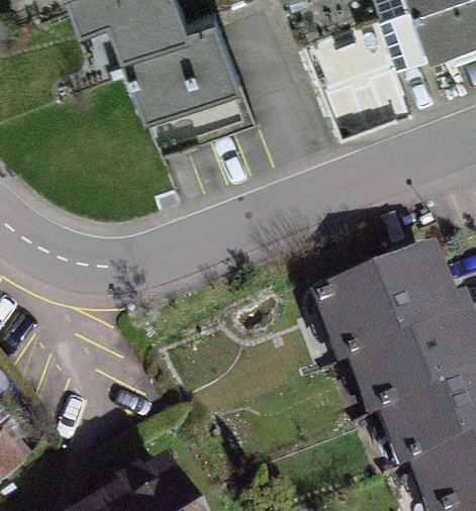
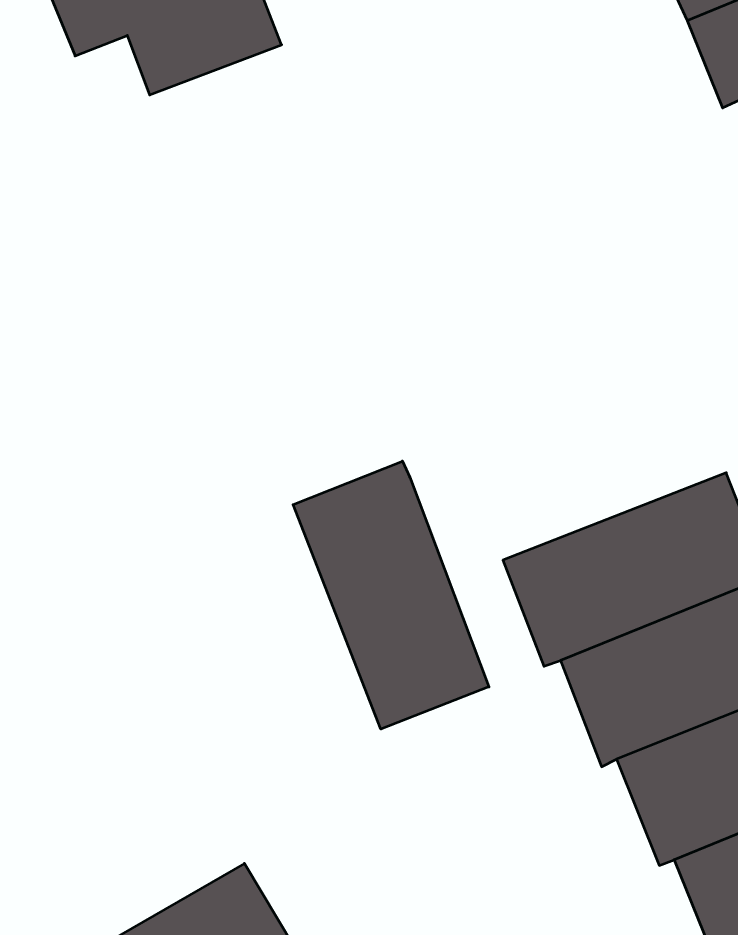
building: [128,16,252,120] -> none
building: none -> [293,461,489,729]

